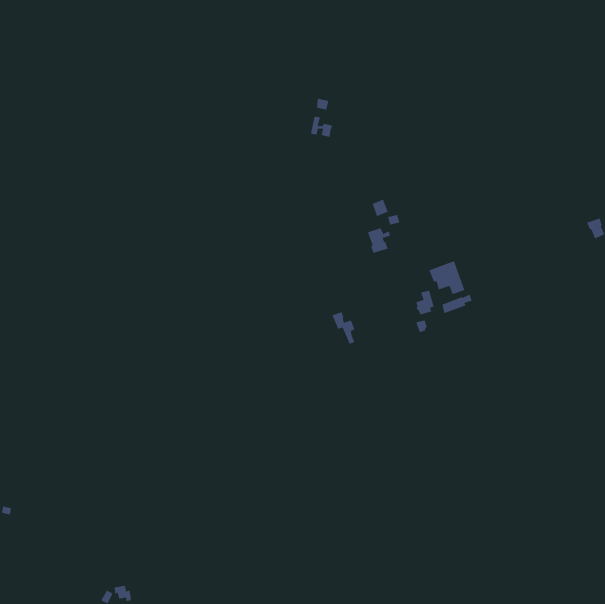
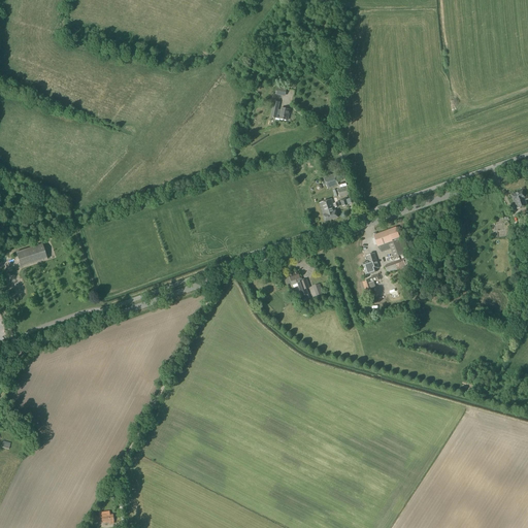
building: none -> [15,243,46,267]

